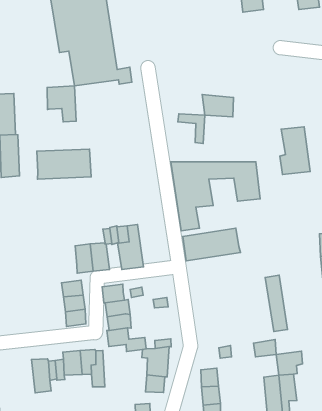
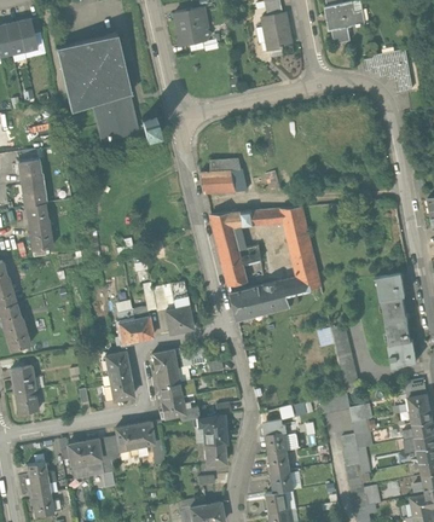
building: [47,86,76,122] -> none
building: [202,94,234,117] -> [201,173,236,195]
building: [280,127,310,175] -> [287,246,322,300]
building: [37,149,91,179] -> none
building: none -> [68,441,91,478]

